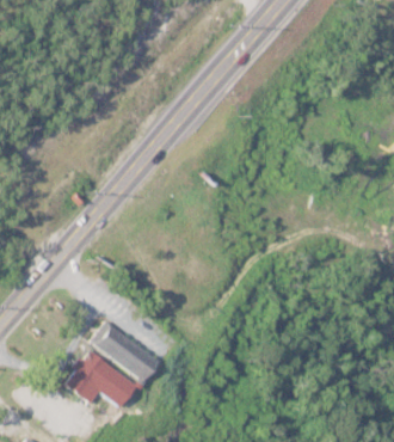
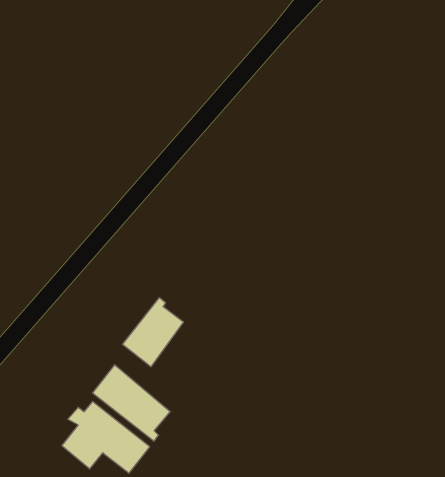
building: none -> [122,298,183,367]

